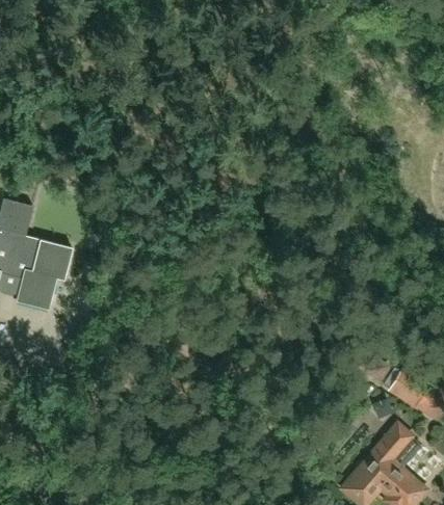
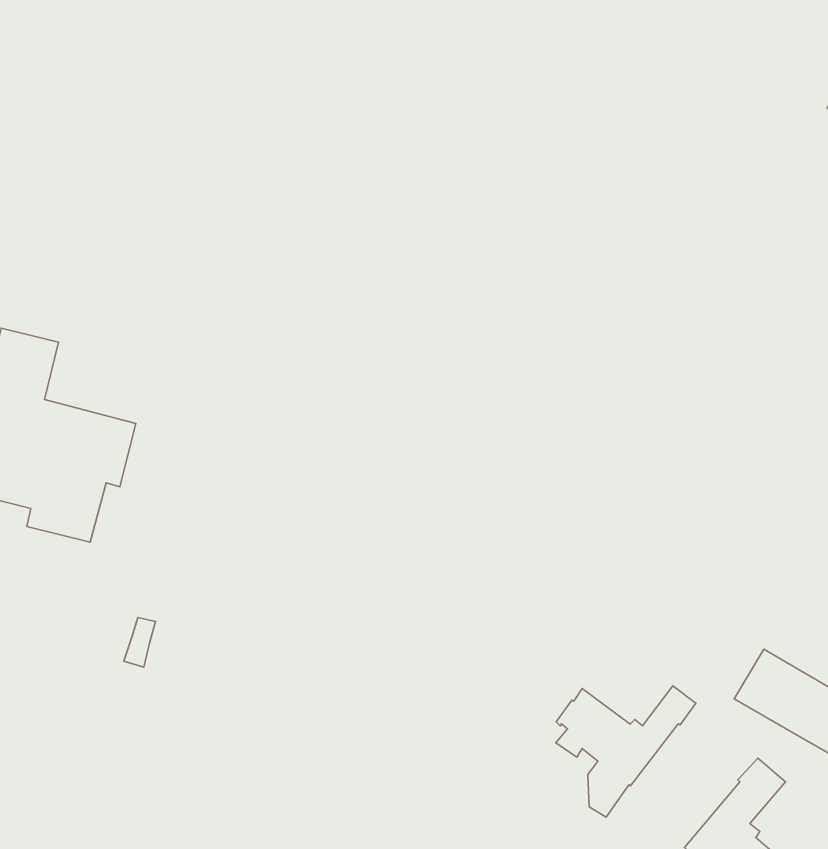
building: none -> [556,686,696,817]

